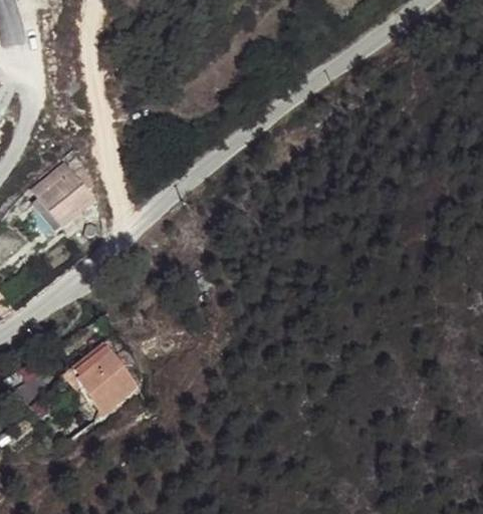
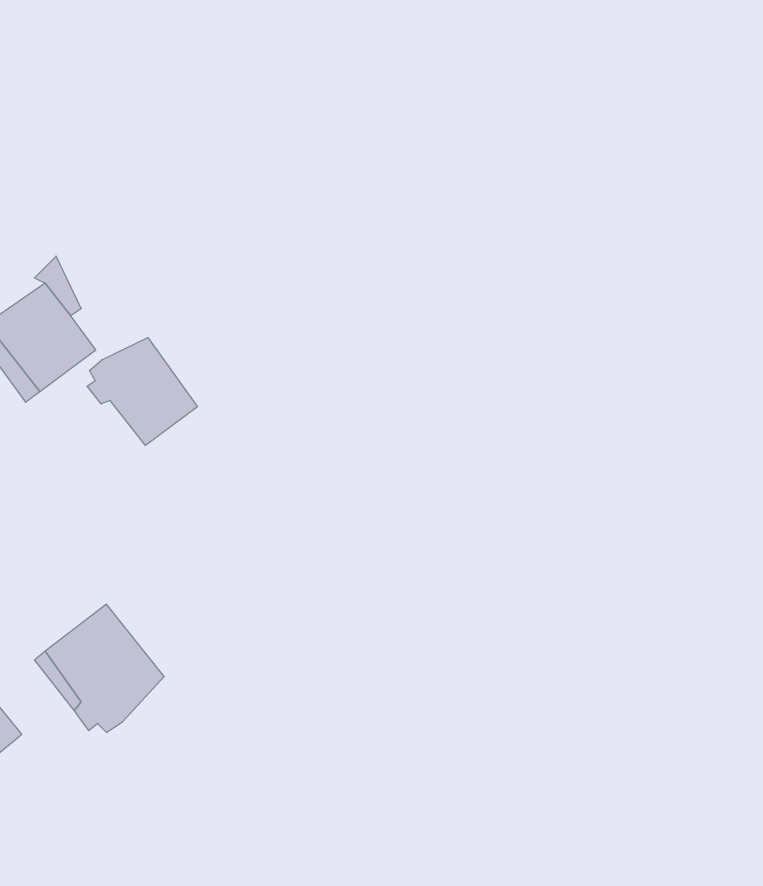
building: none -> [87,338,197,445]

